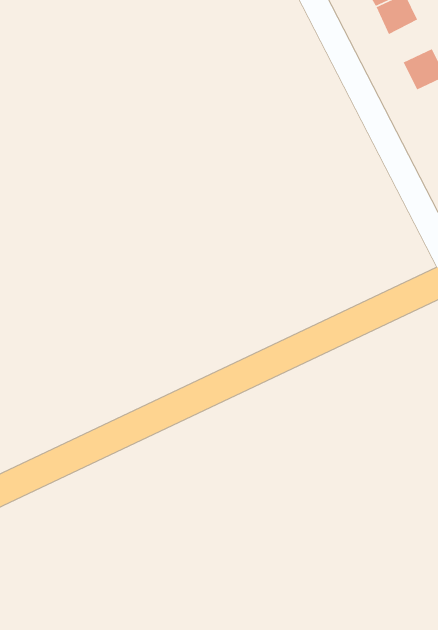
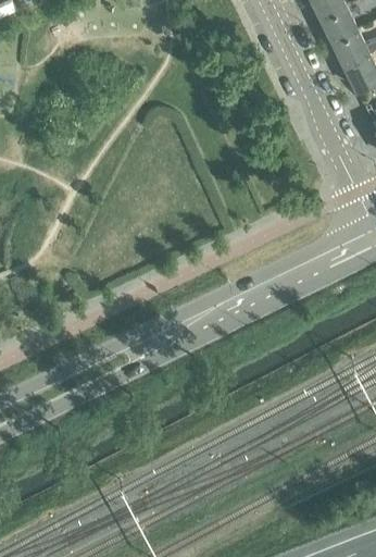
building: none -> [331,30,368,66]

